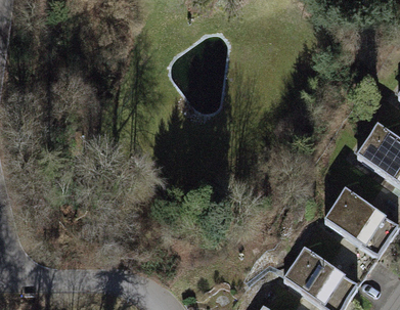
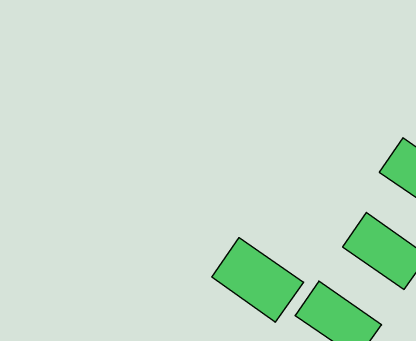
building: none -> [212,238,304,322]

